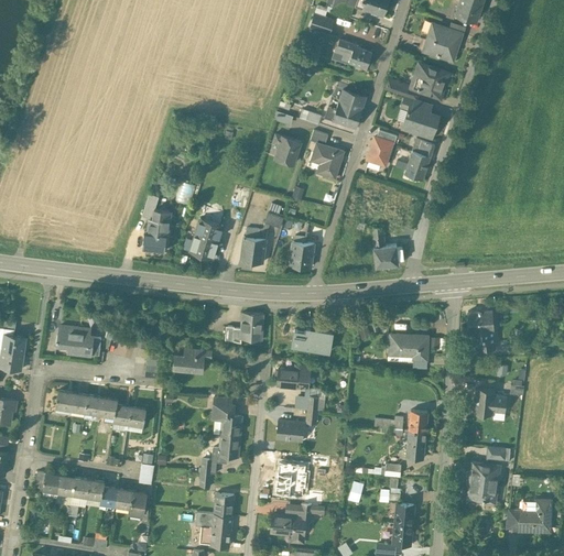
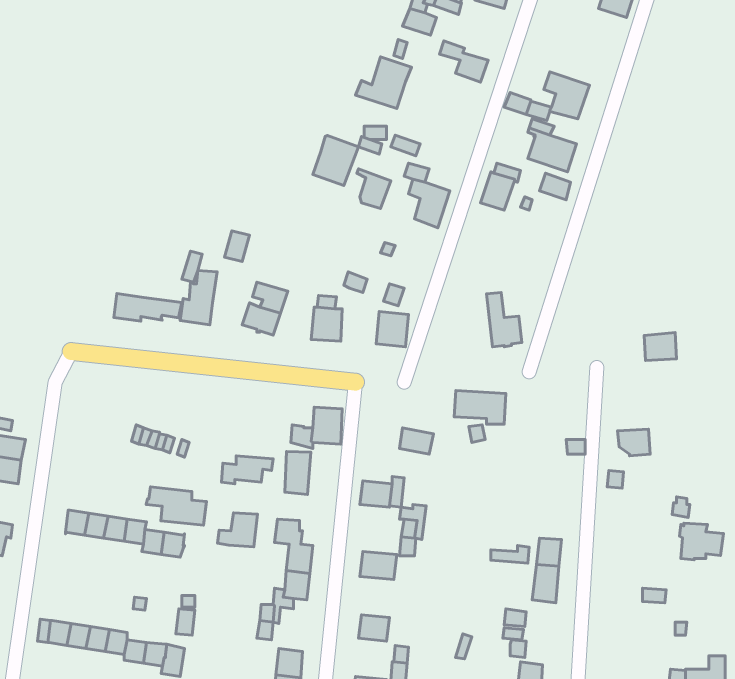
building: [423,24,460,61] -> none
building: [324,90,366,129] -> [356,57,411,108]
building: none -> [313,136,358,186]
building: [404,152,431,181] -> none
building: none -> [114,294,182,321]
building: [468,310,492,331] -> [644,332,677,360]
building: [56,328,101,357] -> [146,487,206,525]
building: [389,335,427,360] -> [454,390,506,424]
building: none -> [285,451,311,494]
building: [474,389,507,416] -> [679,523,724,560]
building: none -> [217,513,257,547]
building: [467,462,500,504] -> none

